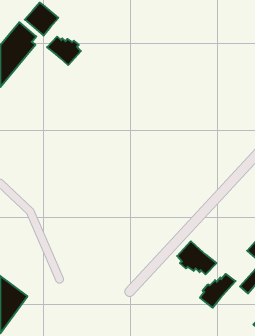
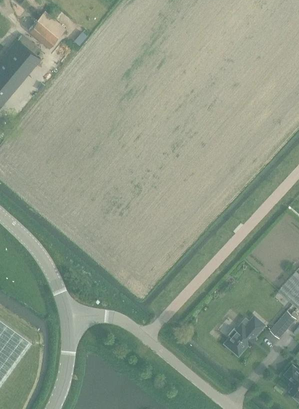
building: [47,37,81,65] -> none
building: [177,241,216,274] -> none

